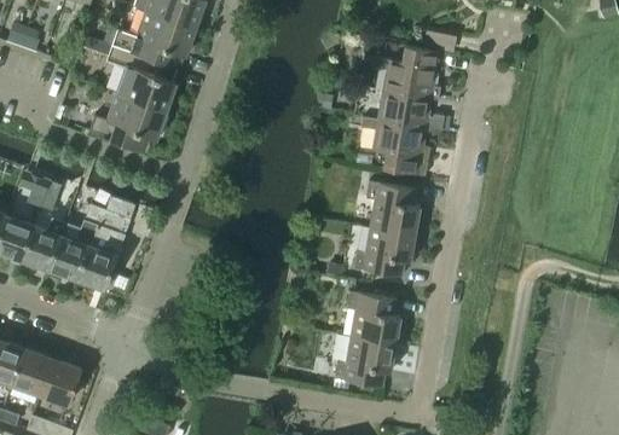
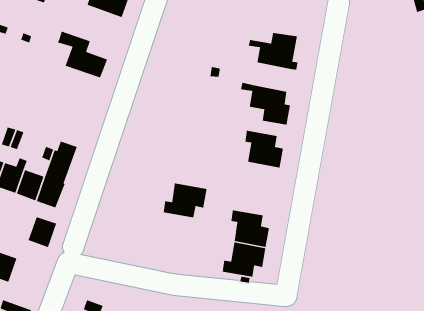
building: [111,8,196,58] -> none
building: [377,88,444,132] -> none
building: [87,93,166,152] -> none
building: [353,226,415,277] -> [163,182,207,219]
building: [39,359,80,404] -> [28,216,57,248]

